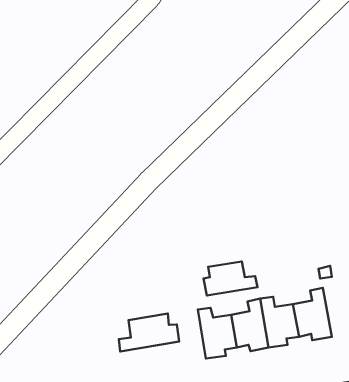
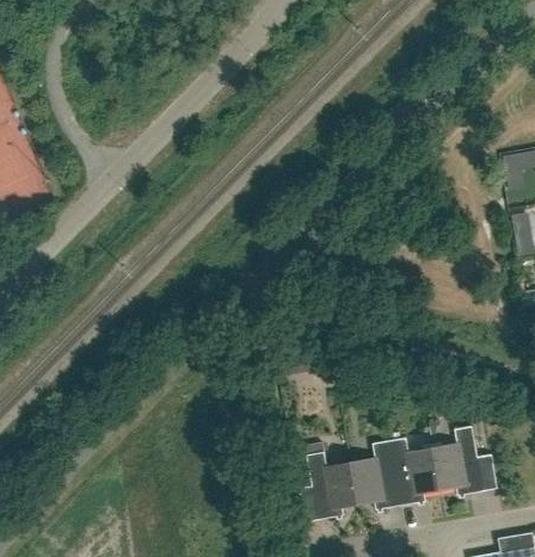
building: [203,261,257,296] -> none
building: [119,314,179,351] -> none

